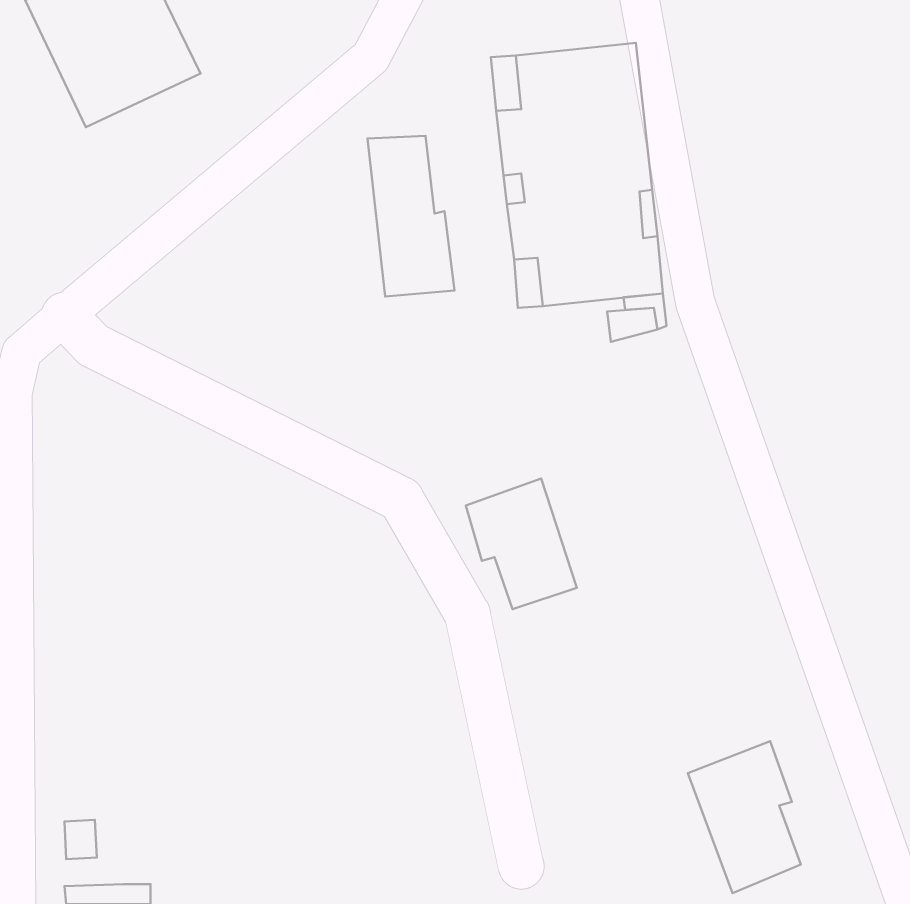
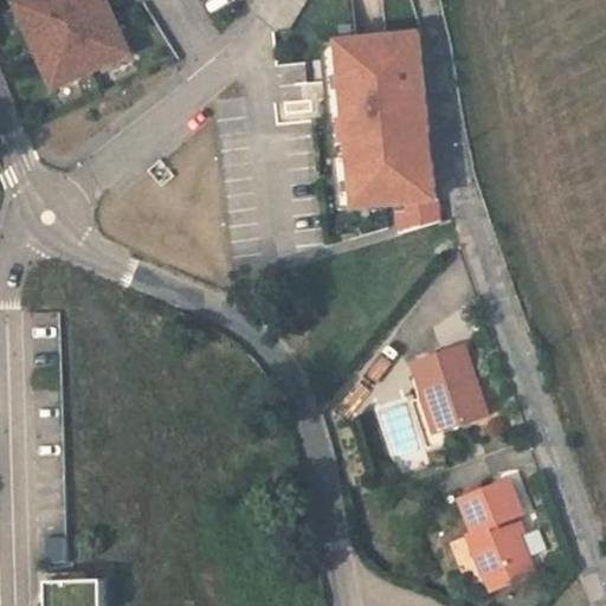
building: [368,136,454,297] -> none
building: [466,479,577,609] -> [410,350,483,437]

